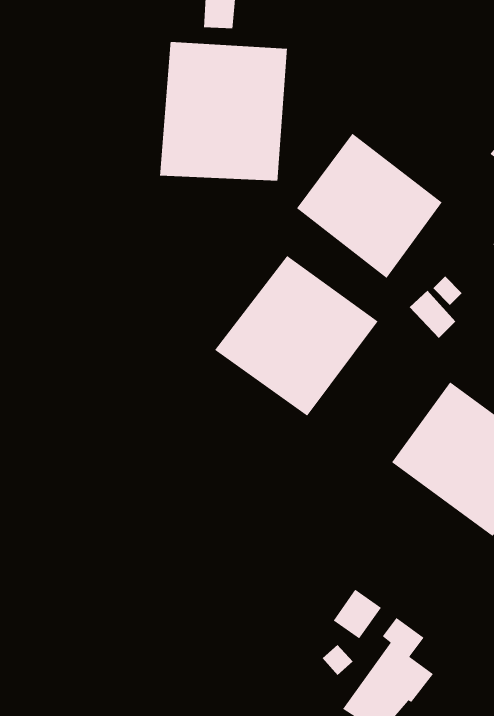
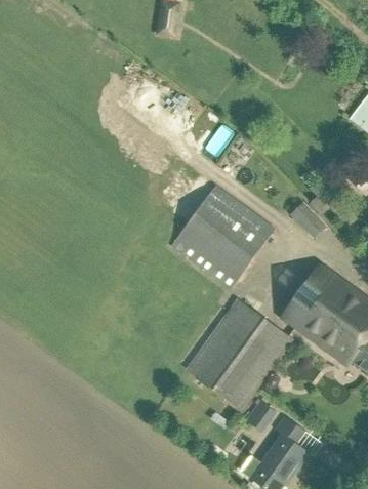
building: [159,41,288,182] -> none
building: [296,133,442,279] -> none
building: none -> [185,296,291,408]

